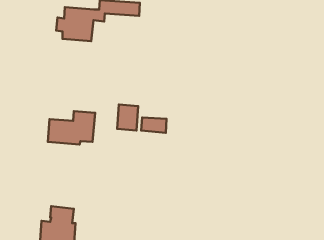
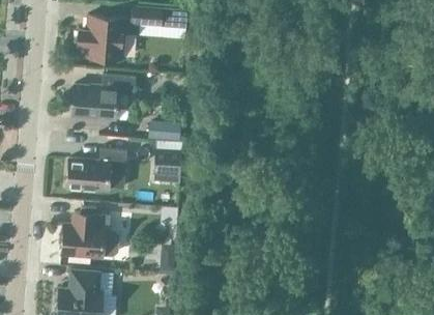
building: none -> [73,74,136,119]
building: [141,117,166,133] -> [149,120,181,140]
building: none -> [61,212,120,257]

